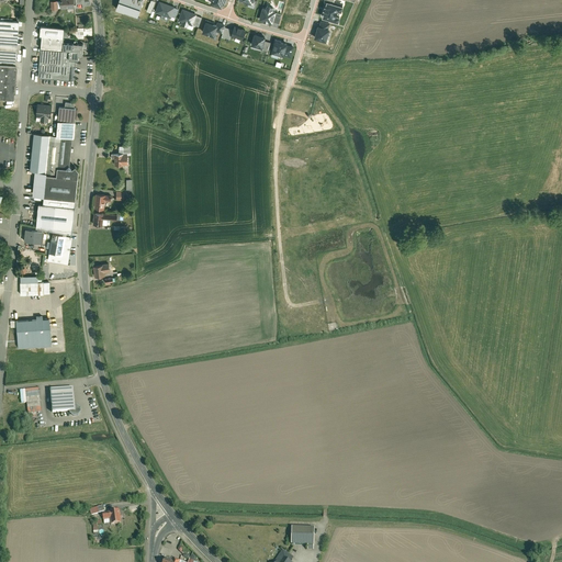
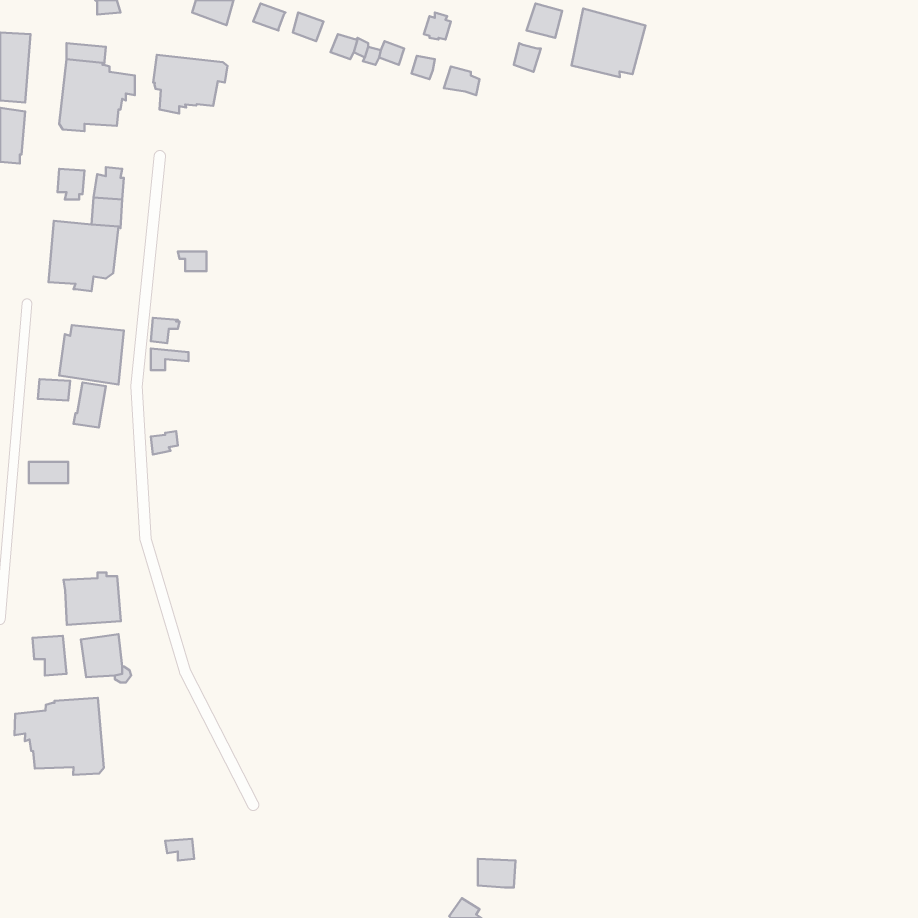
building: none -> [571,9,645,77]
building: none -> [153,55,227,113]
building: [44,167,78,202] -> none
building: [15,316,50,348] -> [63,573,121,625]
building: none -> [14,698,104,775]

